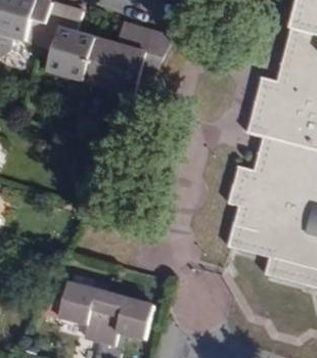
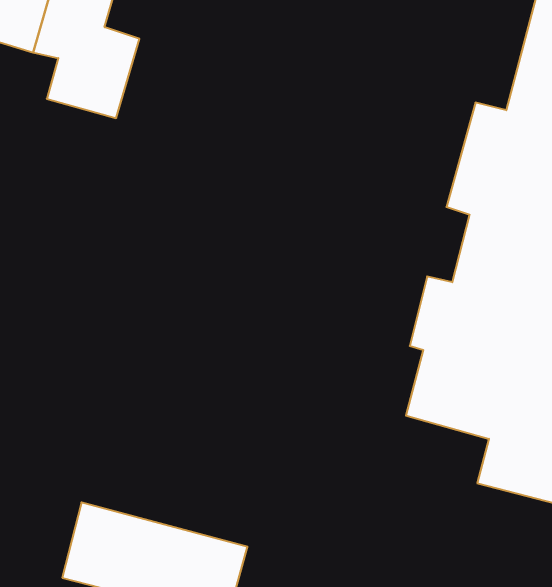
building: [85,21,176,90] -> none

